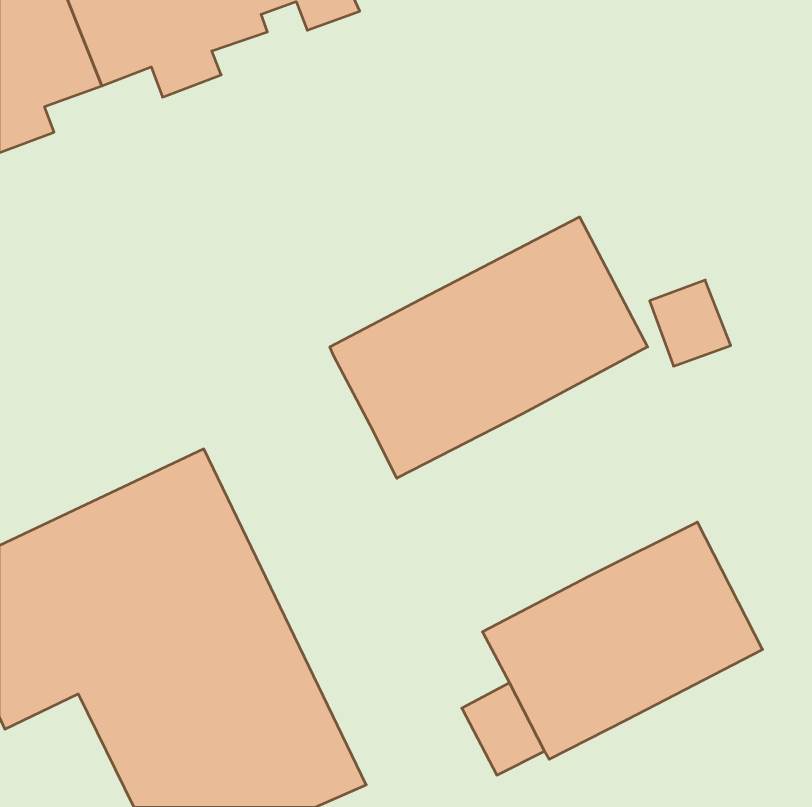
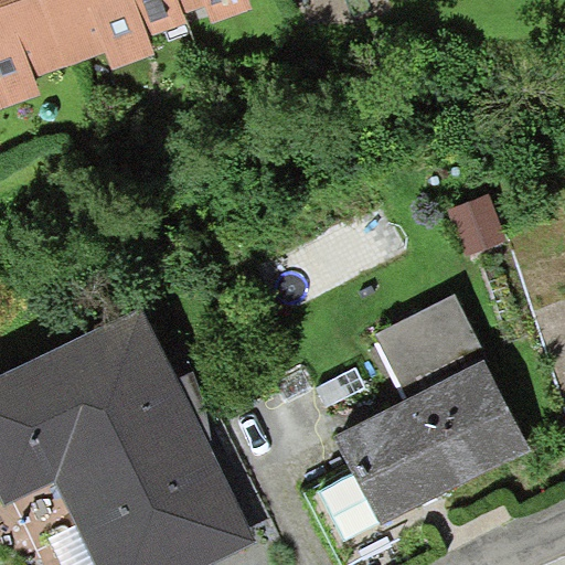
building: [330,217,648,478] -> none
building: none -> [375,295,488,399]

